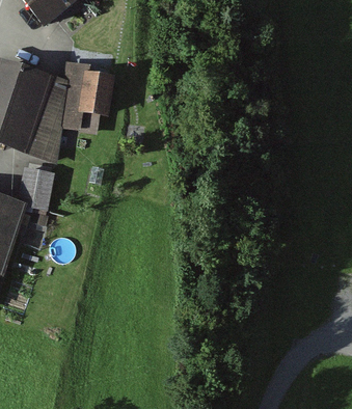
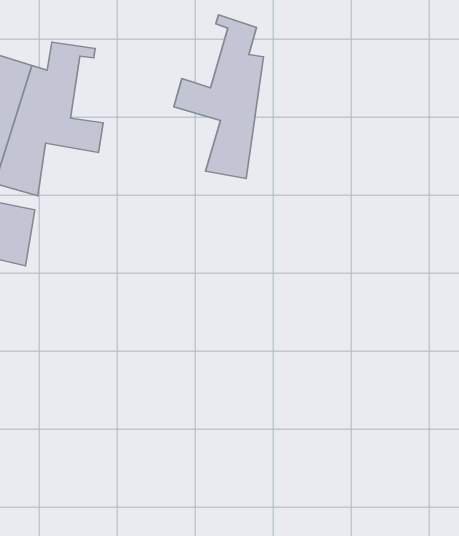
building: none -> [174,15,264,178]
building: [77,69,113,114] -> none

